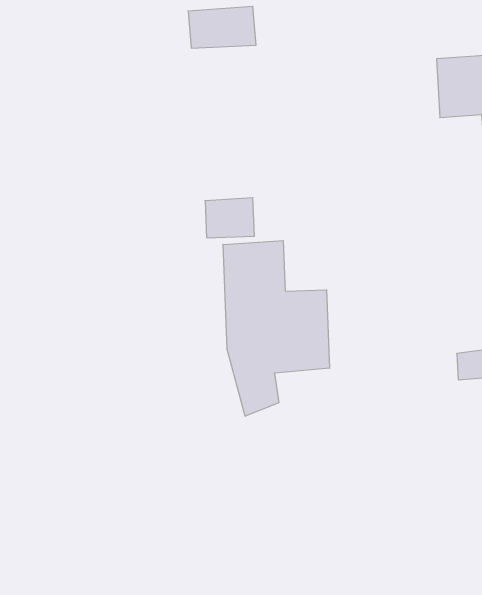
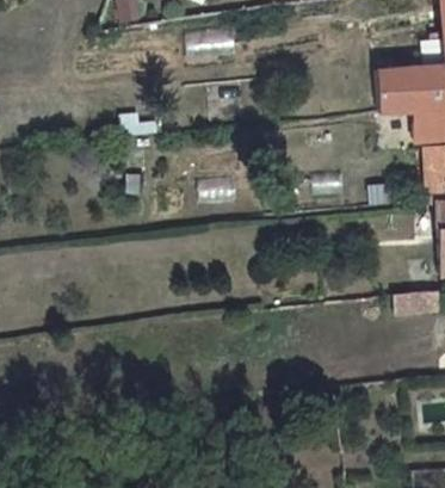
building: [223,241,330,416] -> none

